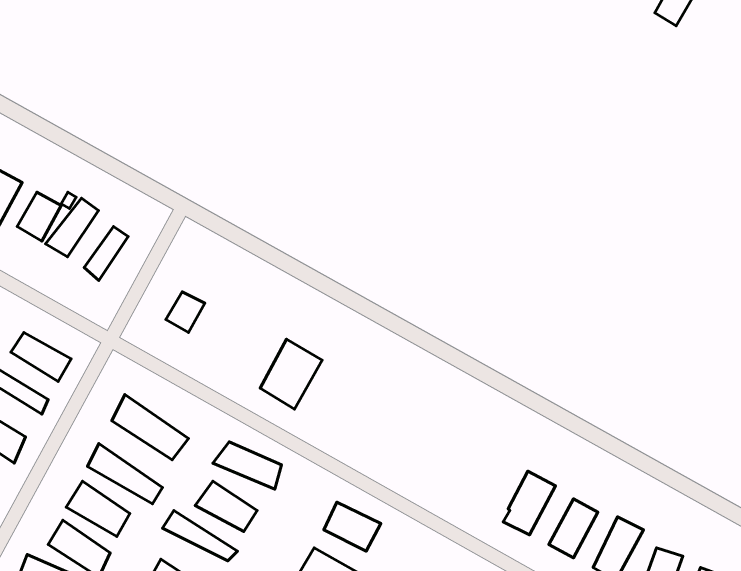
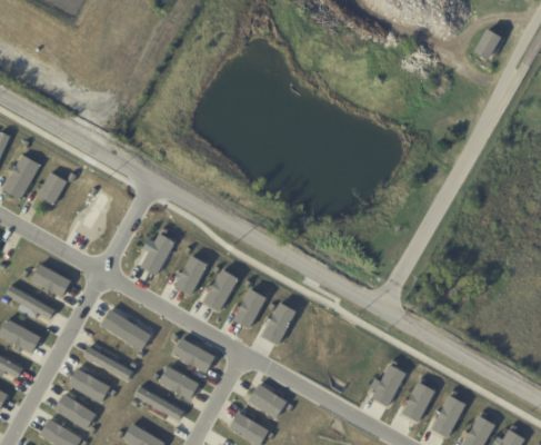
building: [45,198,99,257] -> none
building: none -> [173,257,212,305]
building: none -> [233,290,270,335]
building: none -> [260,301,304,350]

